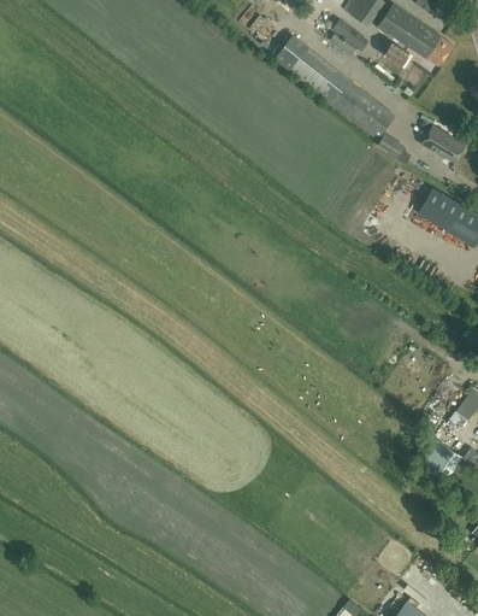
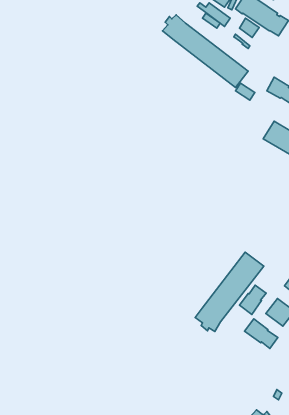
building: none -> [195,252,264,331]
building: none -> [239,285,266,315]
building: none -> [244,319,278,349]

